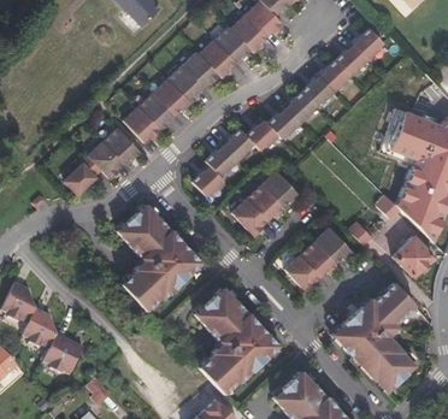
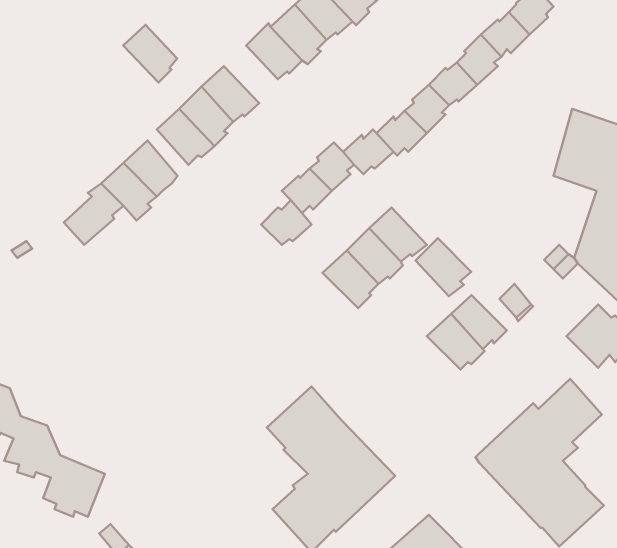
building: [169,66,204,104] -> [123,25,177,83]
building: [118,205,201,311] -> none
building: [285,254,322,291] -> [415,238,471,296]

